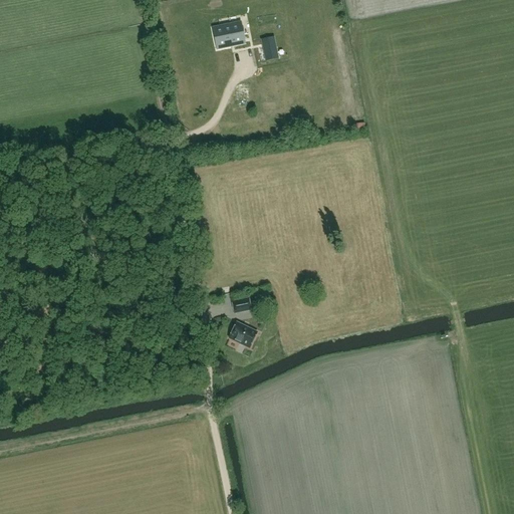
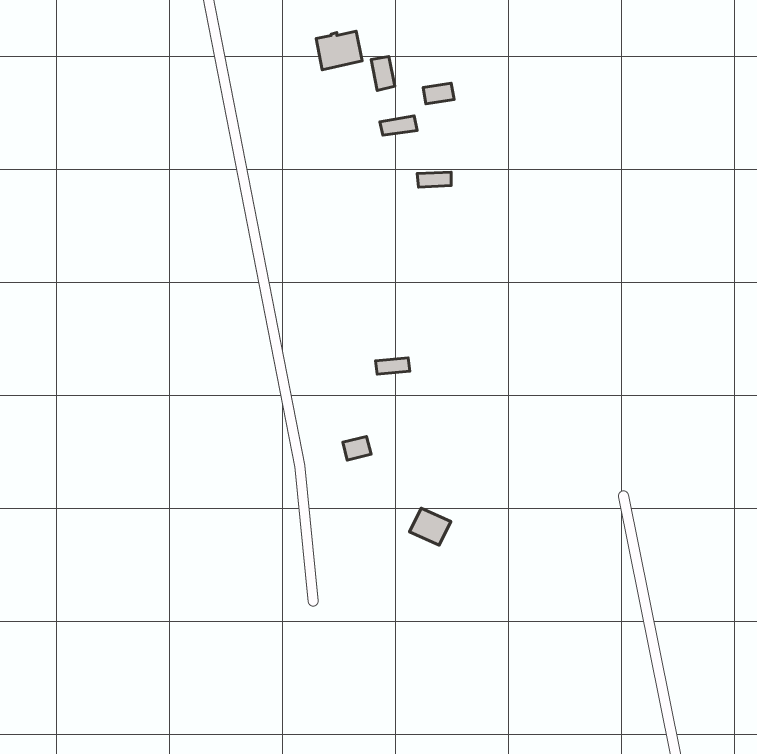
building: [230,320,258,345] -> [409,508,451,545]

